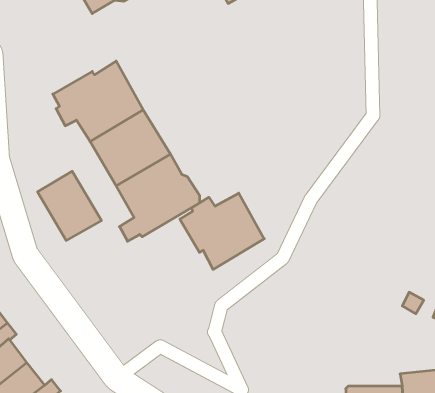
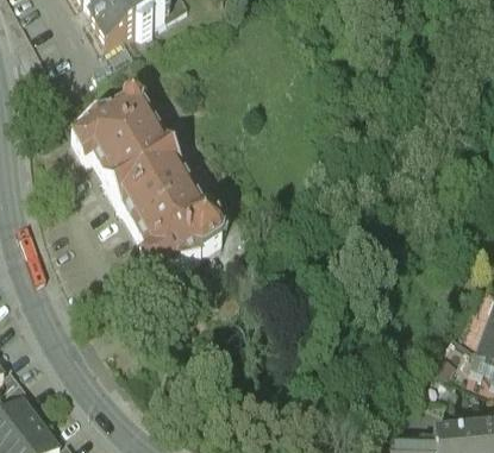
building: [38,171,101,240] -> none
building: [180,193,264,269] -> none

